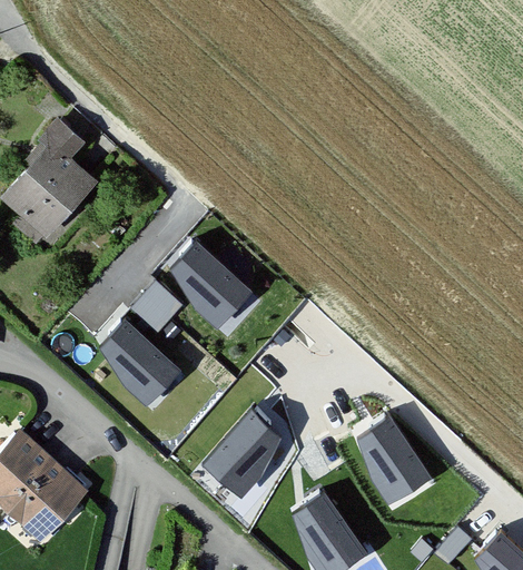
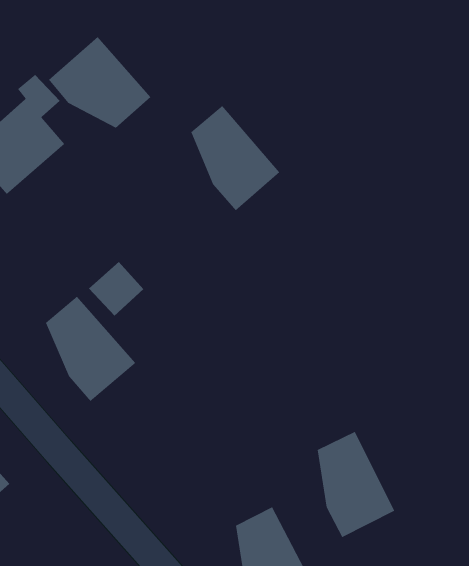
building: none -> [48,36,151,128]
building: [169,237,254,331] -> [191,105,280,211]
building: [198,406,279,502] -> none

